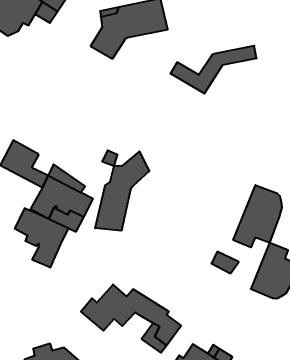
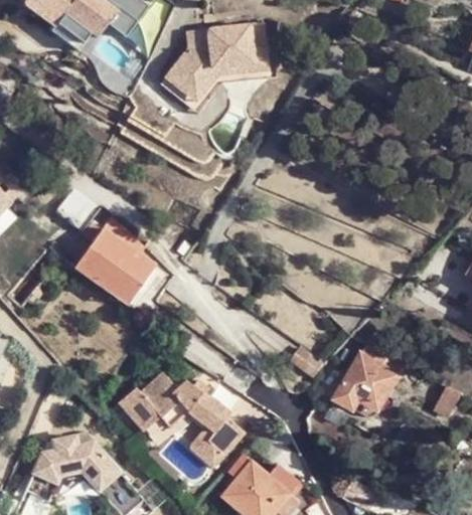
building: [170,46,257,94] -> [161,62,271,115]
building: [95,151,149,231] -> none
building: [233,185,282,247] -> none
building: [15,208,68,268] -> none

